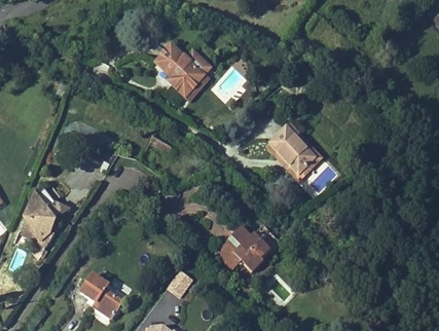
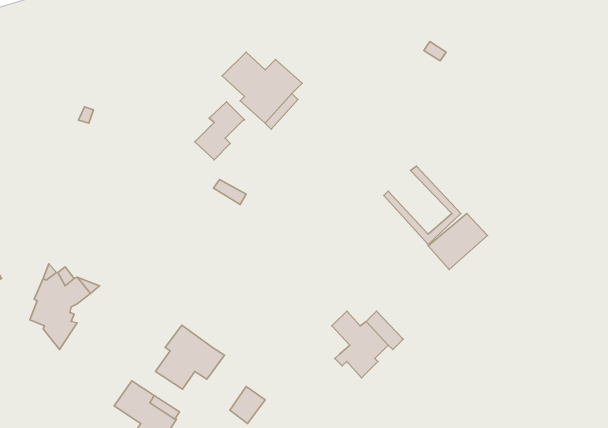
building: none -> [195,102,244,160]
building: [270,127,315,172] -> none
building: none -> [156,325,224,389]
building: [221,235,244,269] -> none

